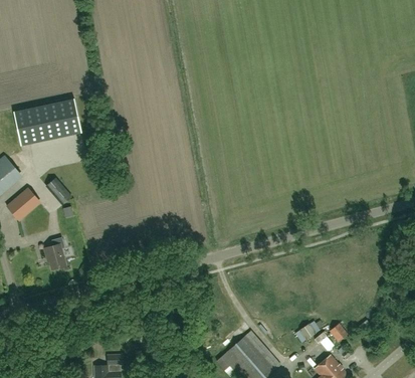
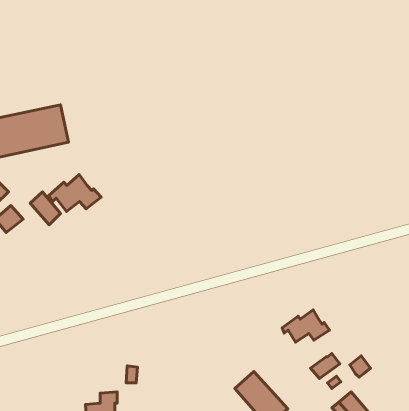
building: none -> [49,174,101,212]
building: [44,236,66,269] -> none
building: none -> [282,310,329,342]

